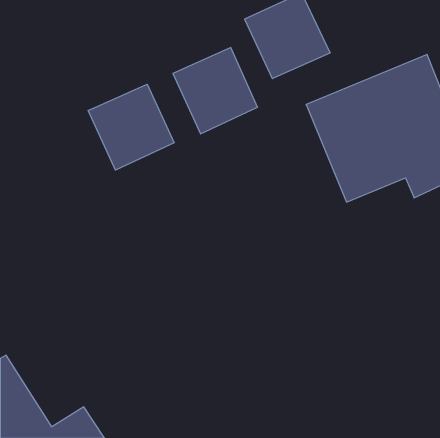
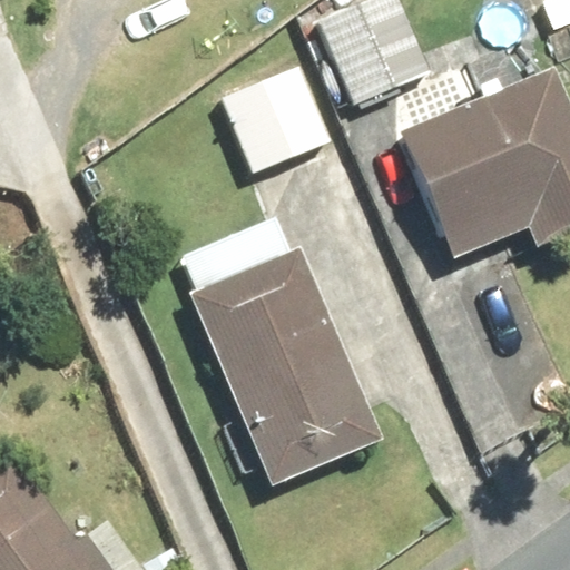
building: [88,84,174,170] -> none
building: none -> [188,245,382,485]

